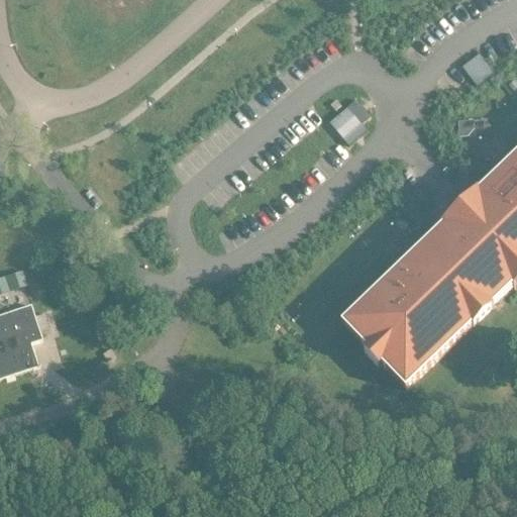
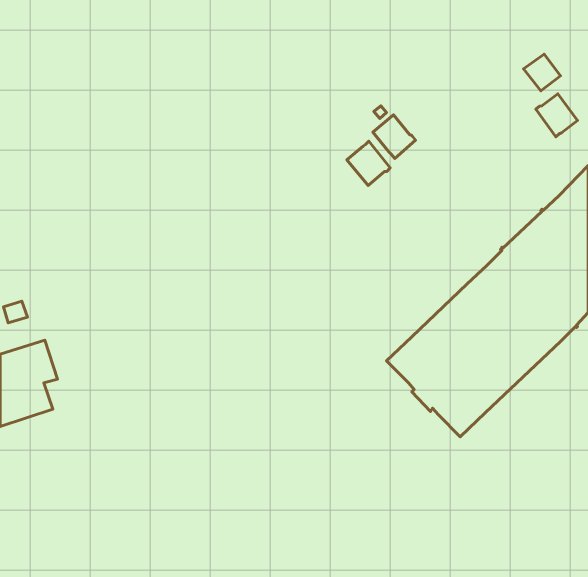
building: none -> [536,94,578,137]
building: none -> [347,141,390,185]

